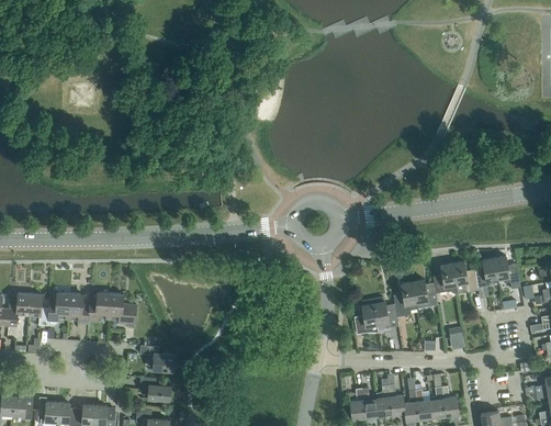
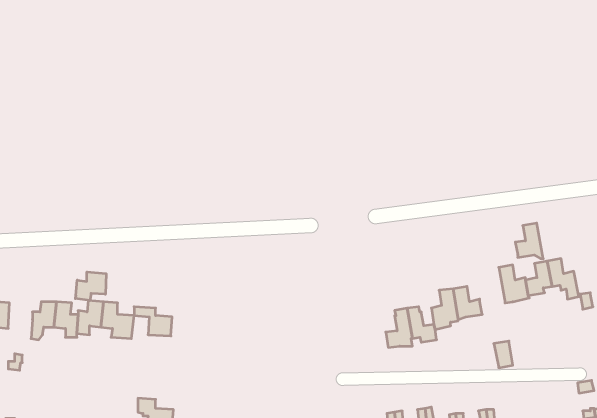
building: [434,264,458,294] -> [515,223,543,259]
building: none -> [75,272,106,301]
building: [29,294,49,326] -> none
building: [140,346,173,371] -> [134,307,172,336]

